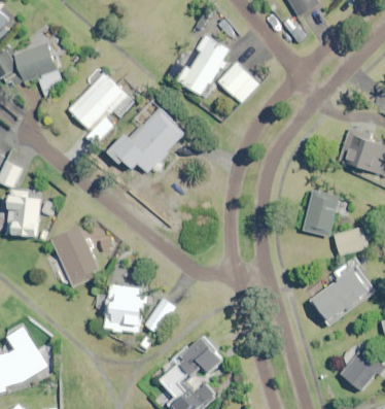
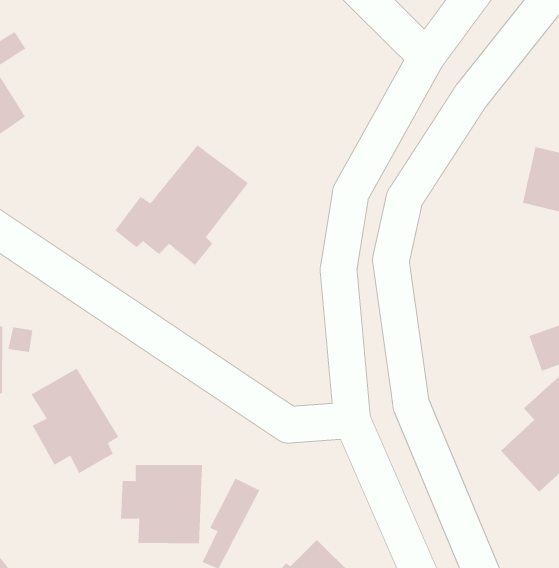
building: [166,35,231,96] -> none
building: [217,62,259,103] -> none
building: [68,68,134,144] -> none
building: [302,192,339,237] -> none

